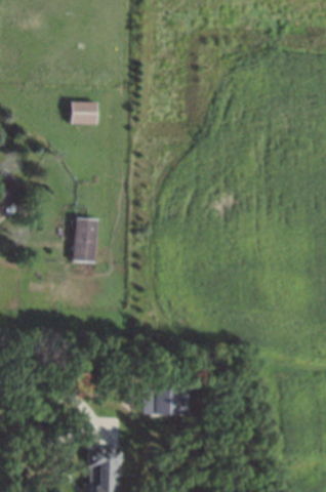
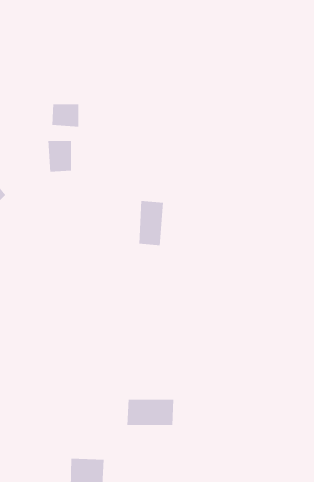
building: none -> [48,140,71,173]
building: [74,218,98,262] -> [138,201,164,246]

